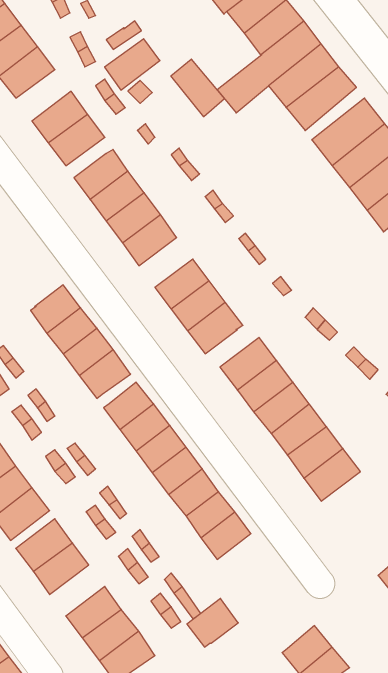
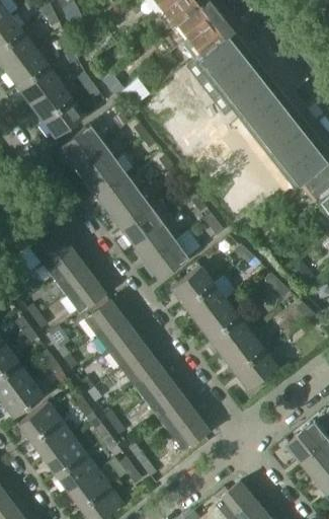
building: [105,39,160,90] -> [18,65,60,103]
building: [171,59,224,117] -> none
building: none -> [110,191,151,228]
building: none -> [44,436,85,474]
building: [187,598,238,647] -> [169,413,208,449]

